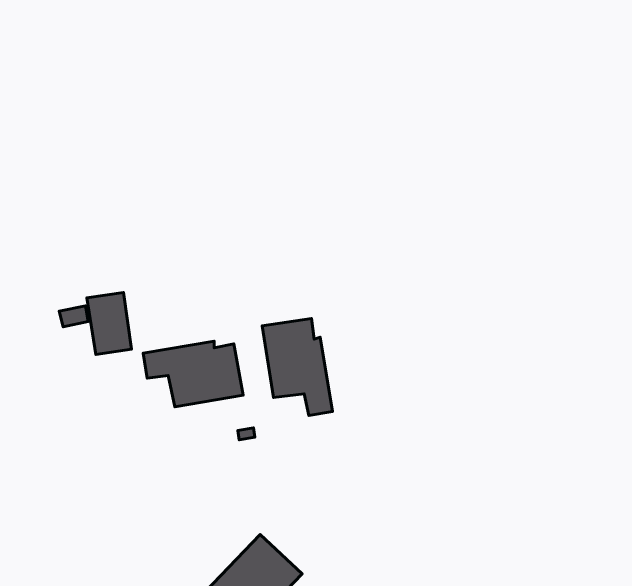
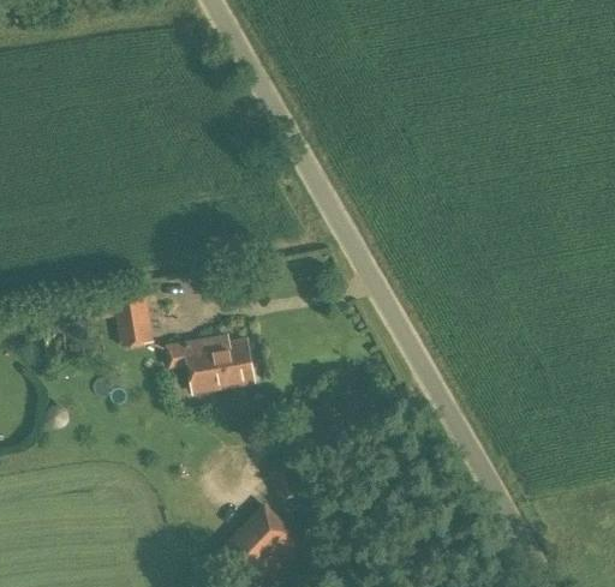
building: [262,318,333,416] -> none

